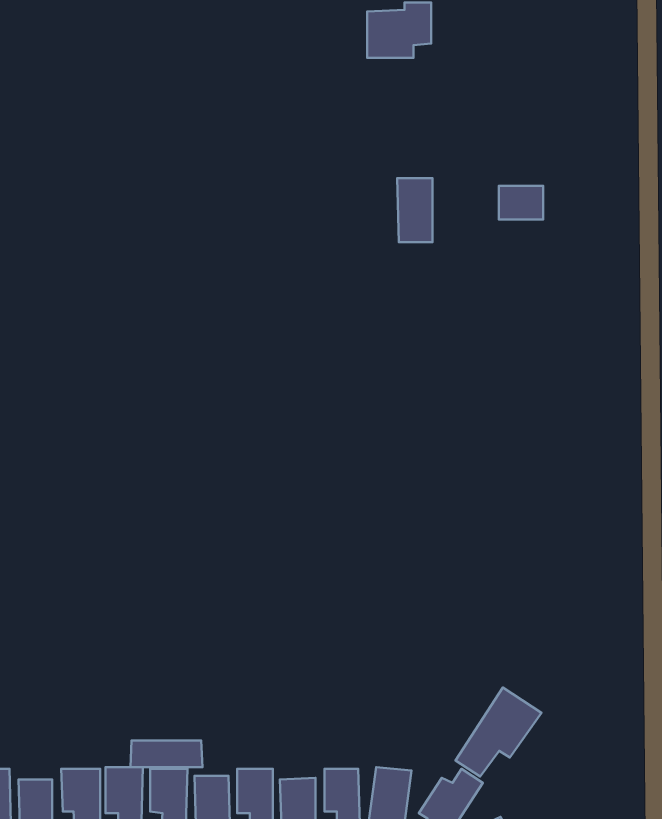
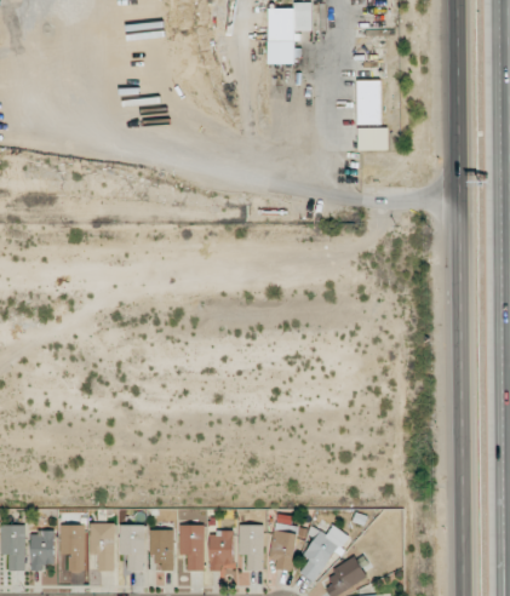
building: none -> [268,42,294,64]
building: [397,178,433,242] -> [356,81,380,125]
building: [456,688,541,776] -> none
building: [130,740,202,767] -> none

